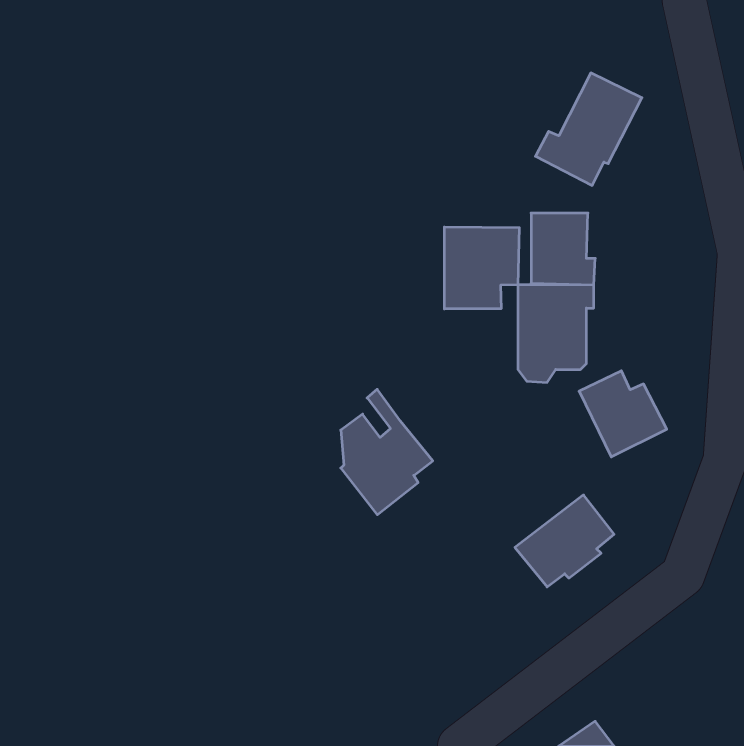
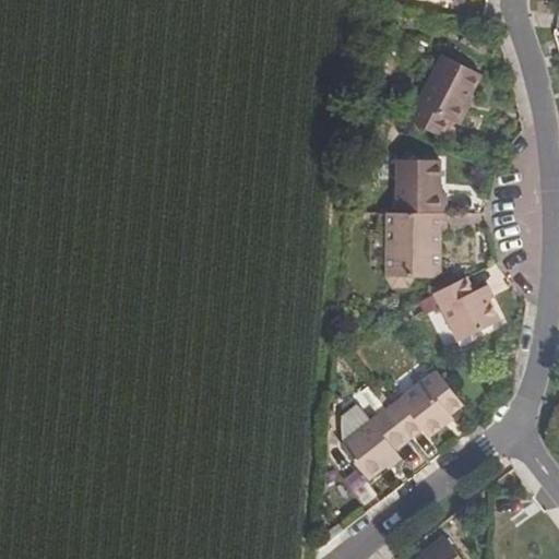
building: [444,227,519,309] -> none
building: [341,389,433,515] -> [341,385,409,479]

